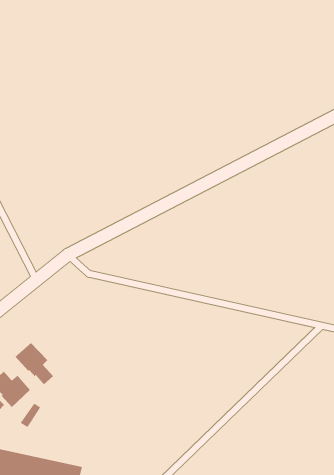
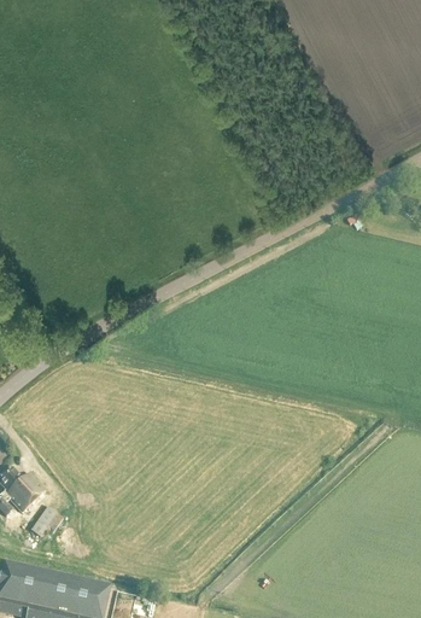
building: [14,342,54,385] -> none

